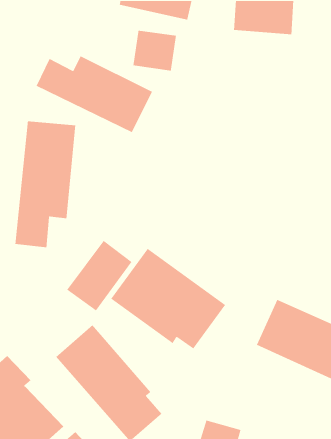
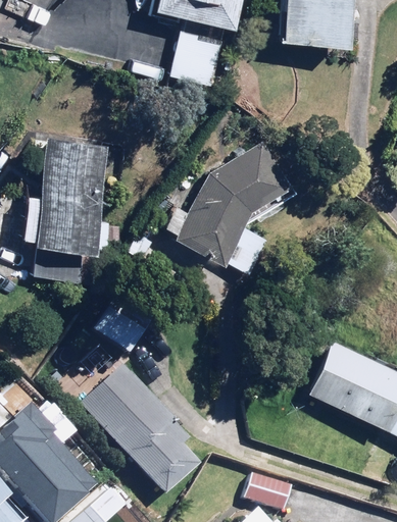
building: [36,55,153,133] -> none
building: none -> [178,141,293,274]
building: [110,248,226,350] -> none

